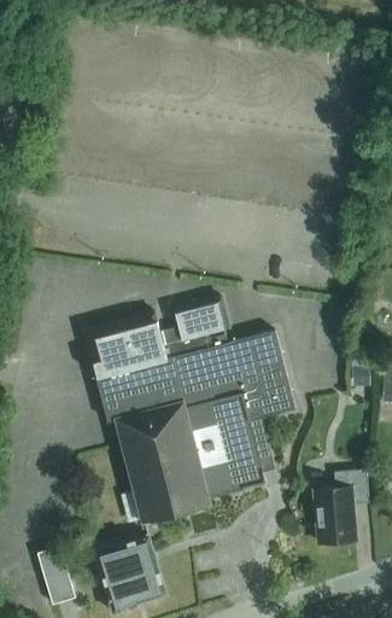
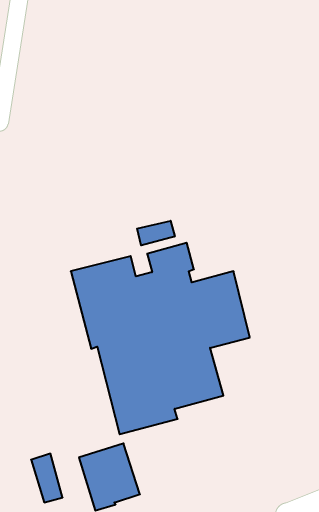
building: none -> [137,221,175,245]
building: [311,471,369,546] -> none

